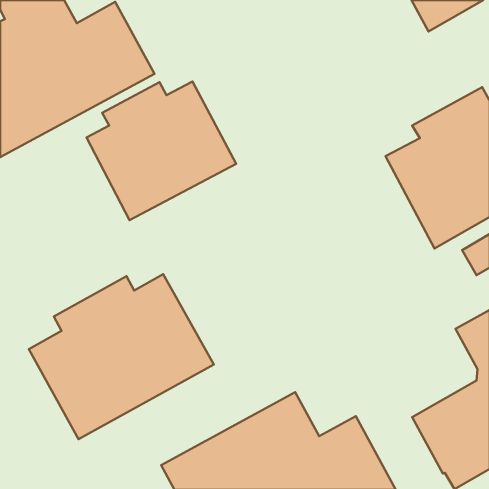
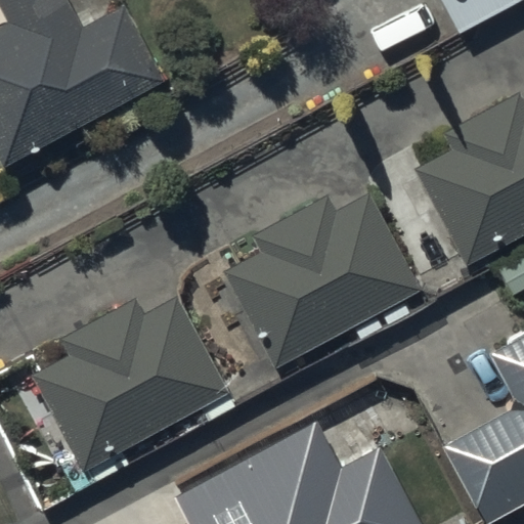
building: [86,82,236,220] -> none
building: none -> [222,192,421,369]

